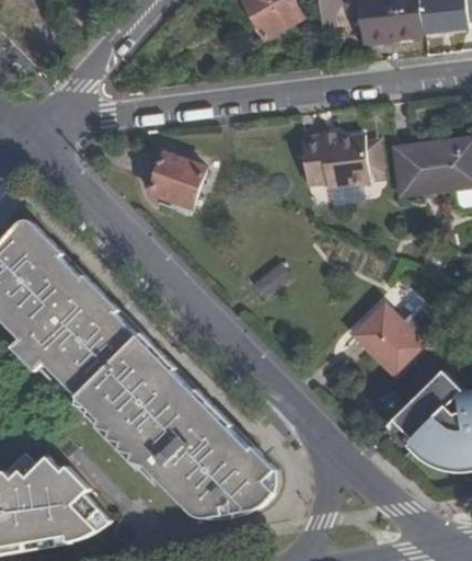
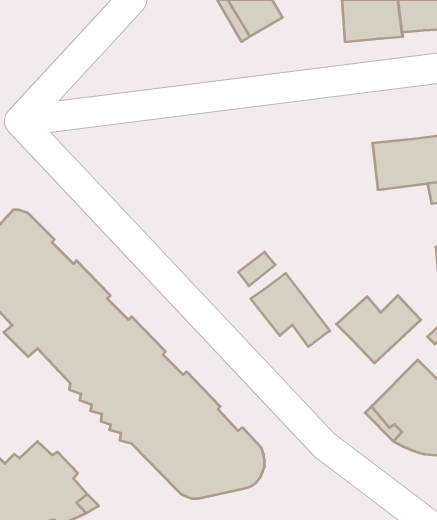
building: [302,136,368,190] -> none
building: [154,160,206,211] -> none
building: none -> [251,273,330,347]

